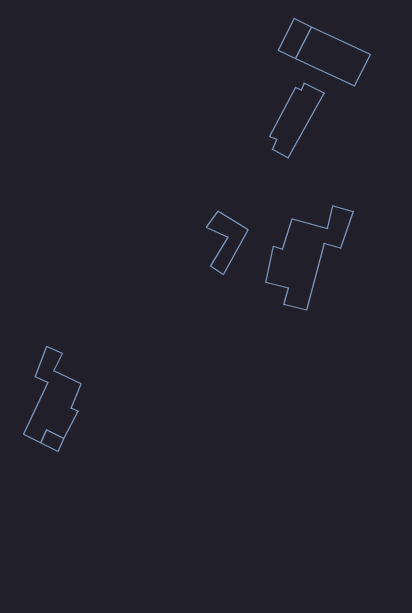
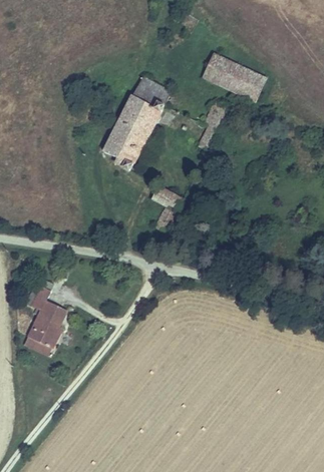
building: none -> [101,81,168,169]
building: [266,206,353,310] -> none

